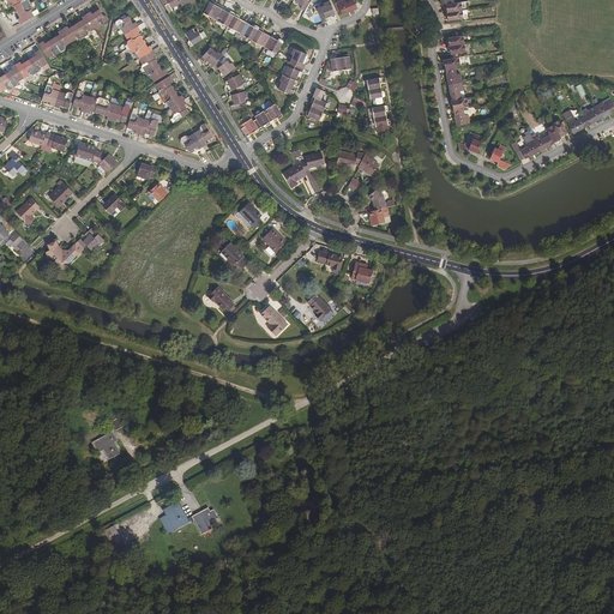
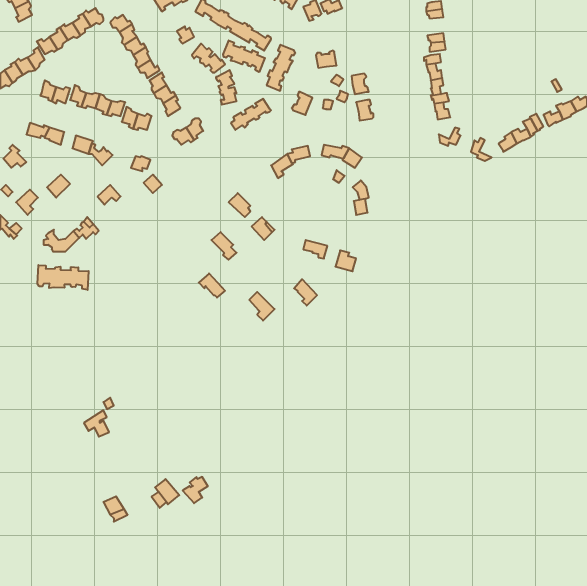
building: none -> [223,40,265,72]
building: none -> [37,265,89,290]

